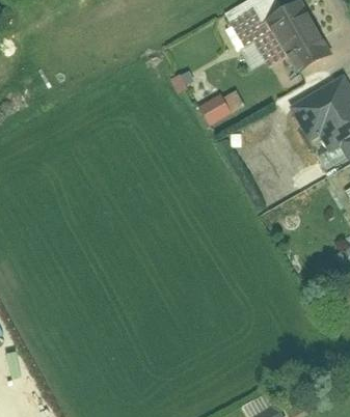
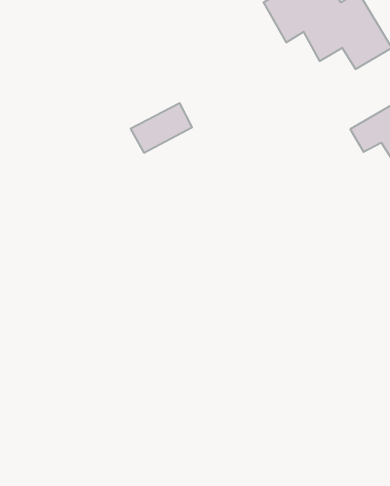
building: [195,86,243,124] -> [131,103,192,153]

